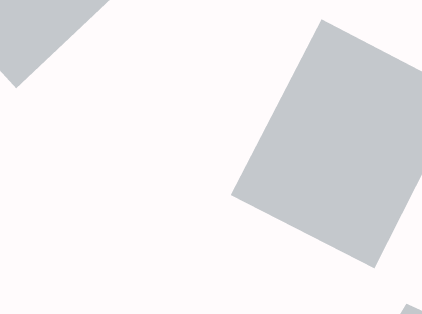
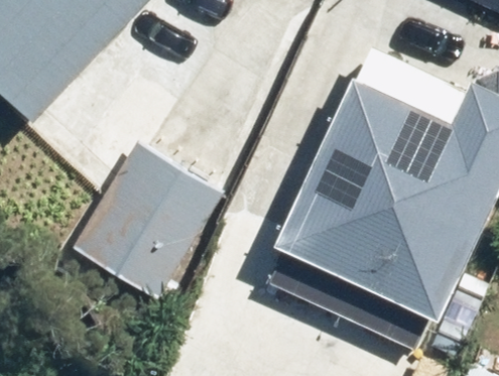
building: none -> [76,137,213,297]

